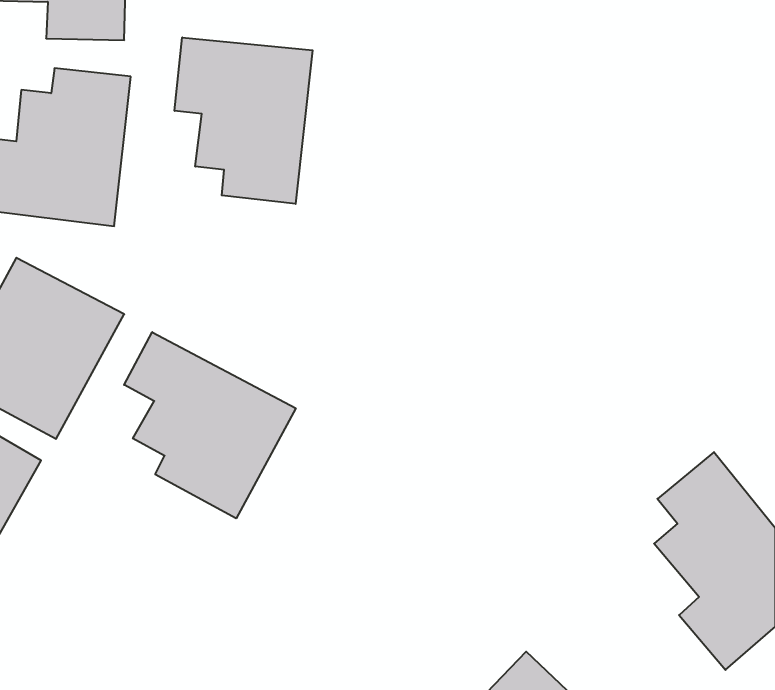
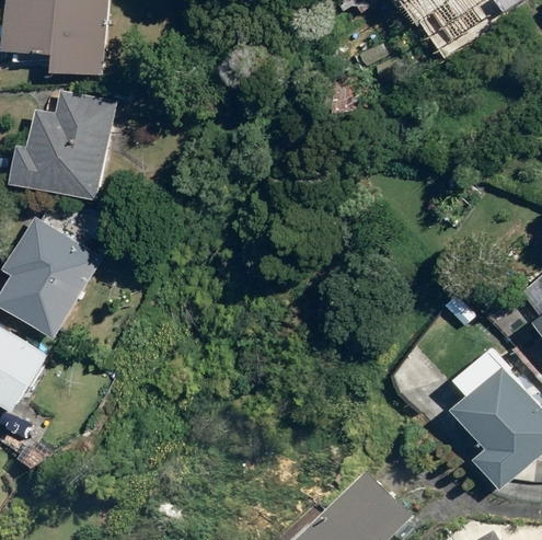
building: [175,37,313,204] -> none
building: [124,332,296,518] -> none

